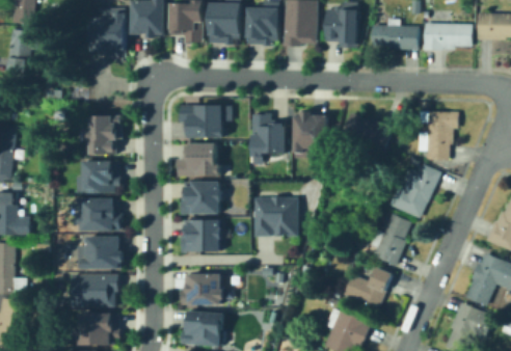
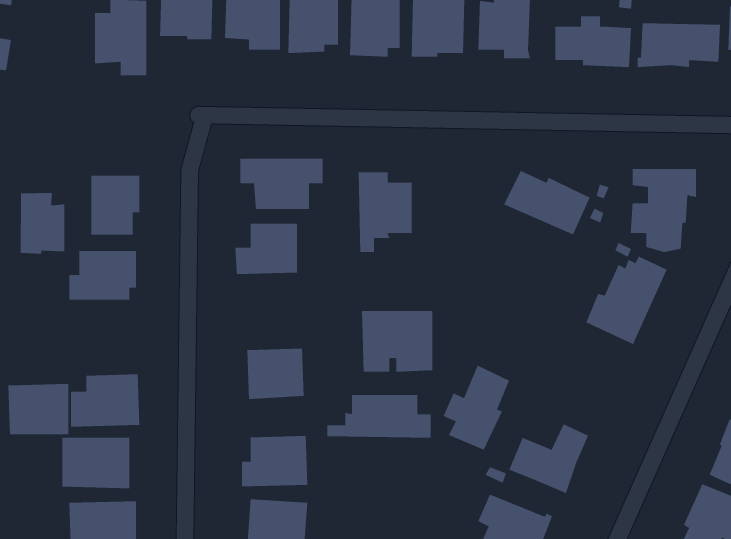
building: [294,110,327,157] -> none
building: none -> [20,192,65,254]
building: [184,182,219,213] -> none
building: [79,197,116,228] -> [8,384,69,435]
building: [370,213,410,265] -> [443,365,510,451]
building: none -> [327,394,431,438]

